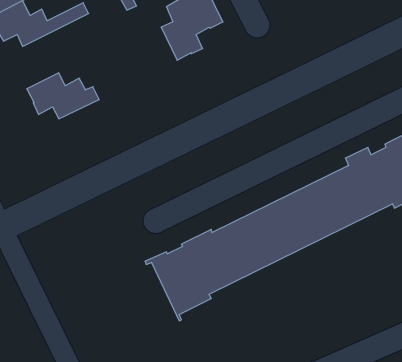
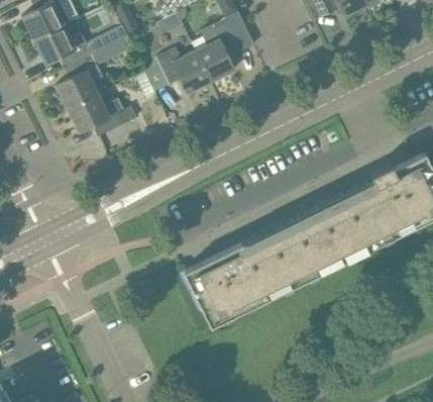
building: none -> [57,37,132,109]
building: none -> [156,48,211,94]

